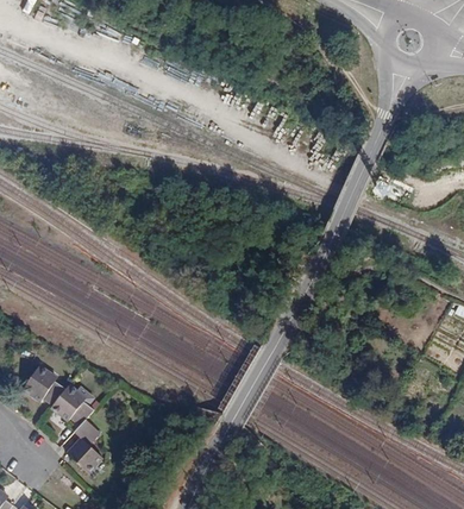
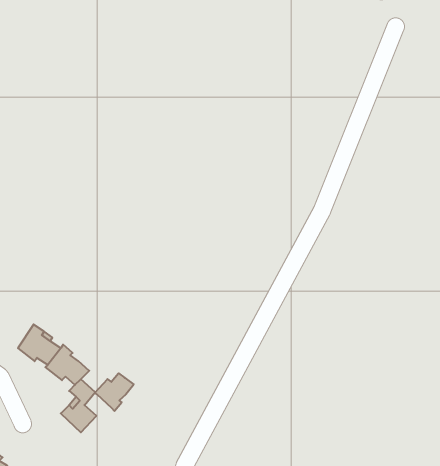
building: none -> [95,373,134,411]

